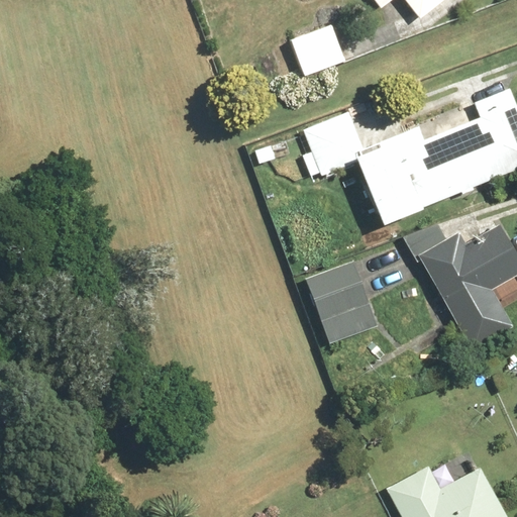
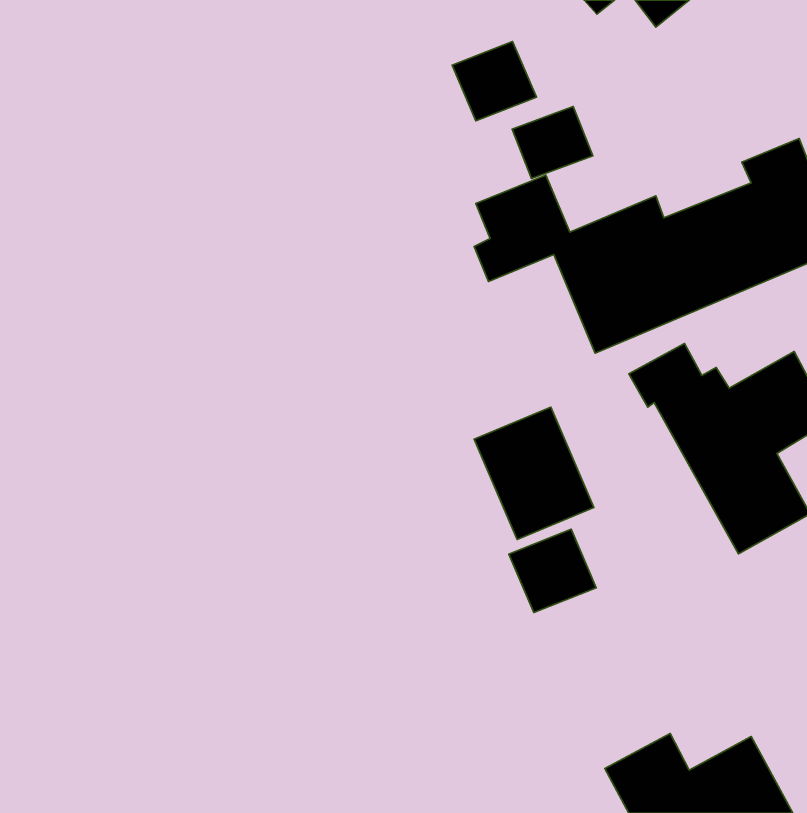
building: none -> [512,107,593,178]
building: none -> [509,529,596,613]

